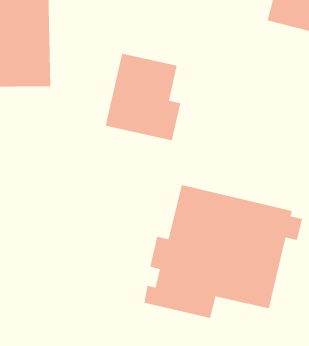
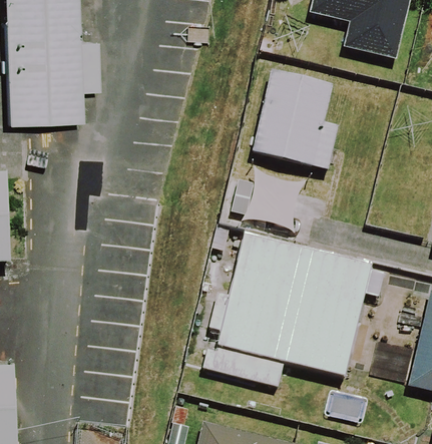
building: [105,53,181,141] -> [251,68,338,168]

